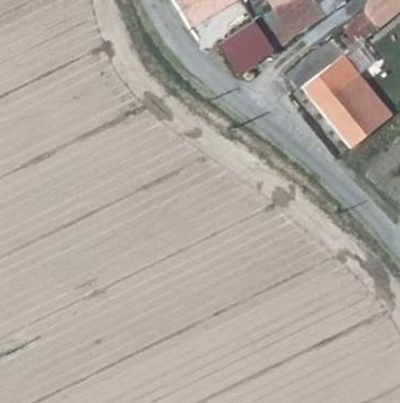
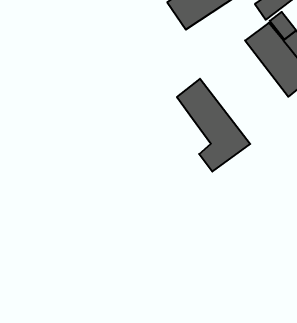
building: none -> [177,79,250,172]

